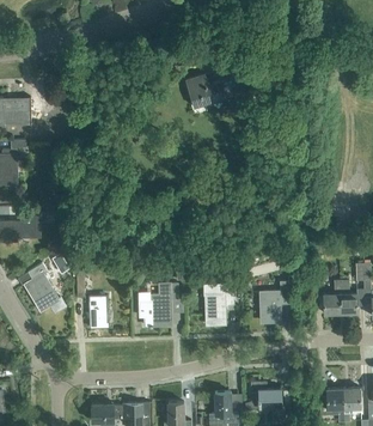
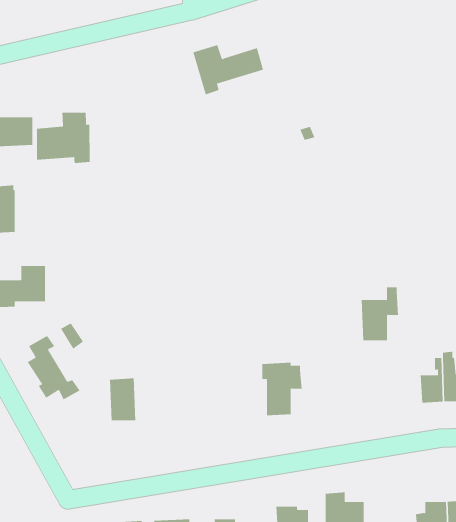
building: [185,74,239,112] -> [192,44,264,95]
building: none -> [37,112,90,164]
building: [261,281,289,322] -> [361,287,399,341]
building: [139,284,178,327] -> none

